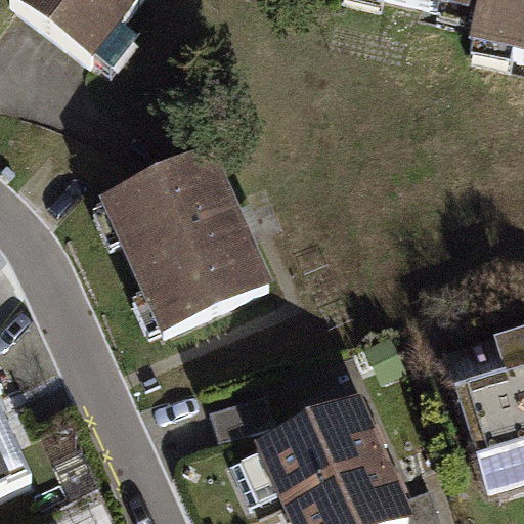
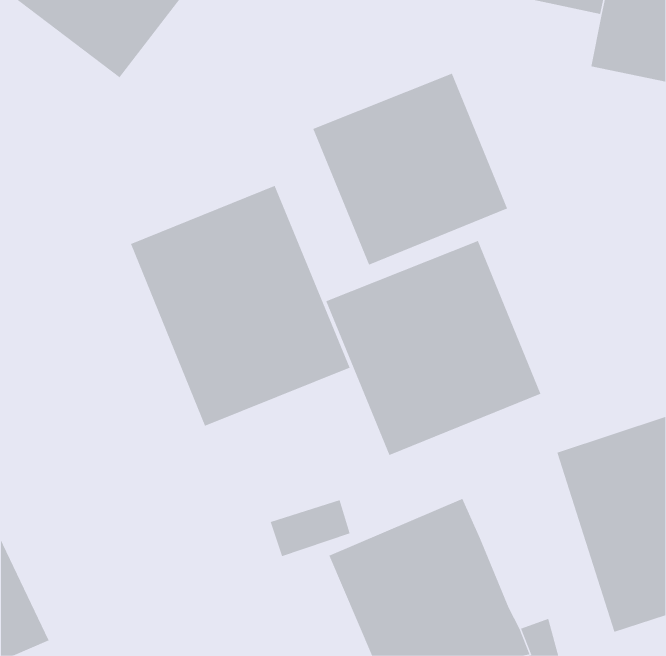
building: none -> [312,73,508,265]
building: none -> [325,240,541,456]

